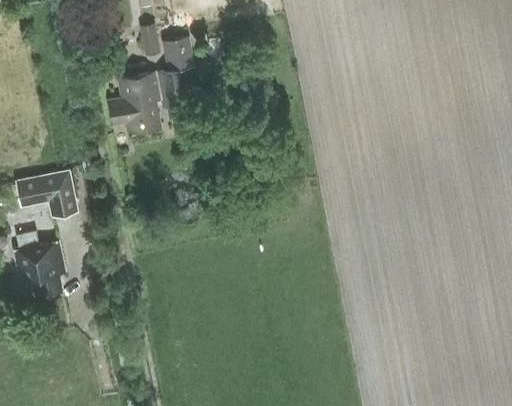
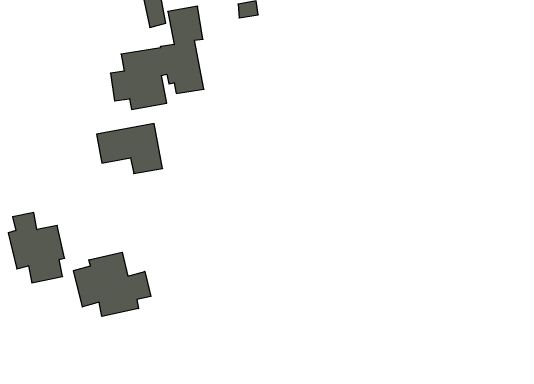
building: [15,169,77,216] -> [97,124,163,174]
building: none -> [74,252,151,316]

